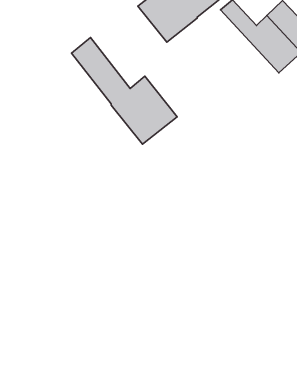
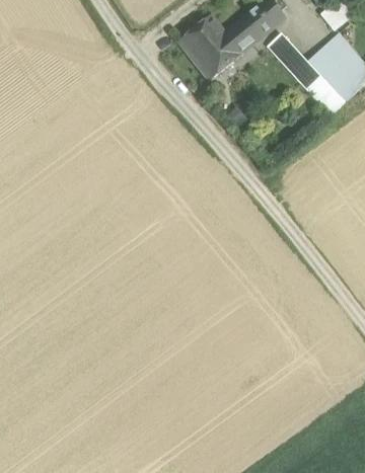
building: [71,37,177,144] -> none

